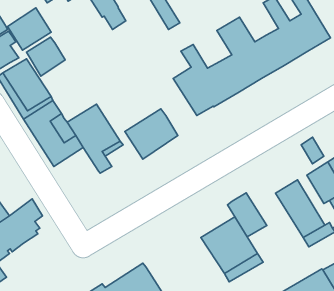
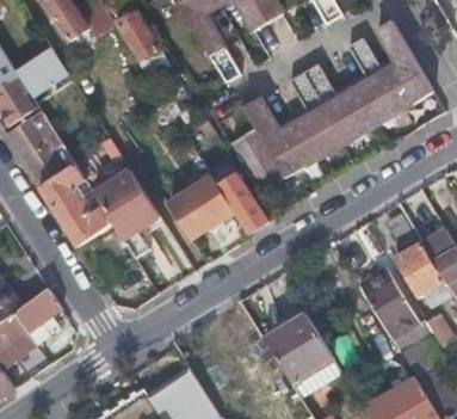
building: [26,37,65,76] -> none
building: none -> [218,171,270,233]
building: [227,193,267,237] -> none

